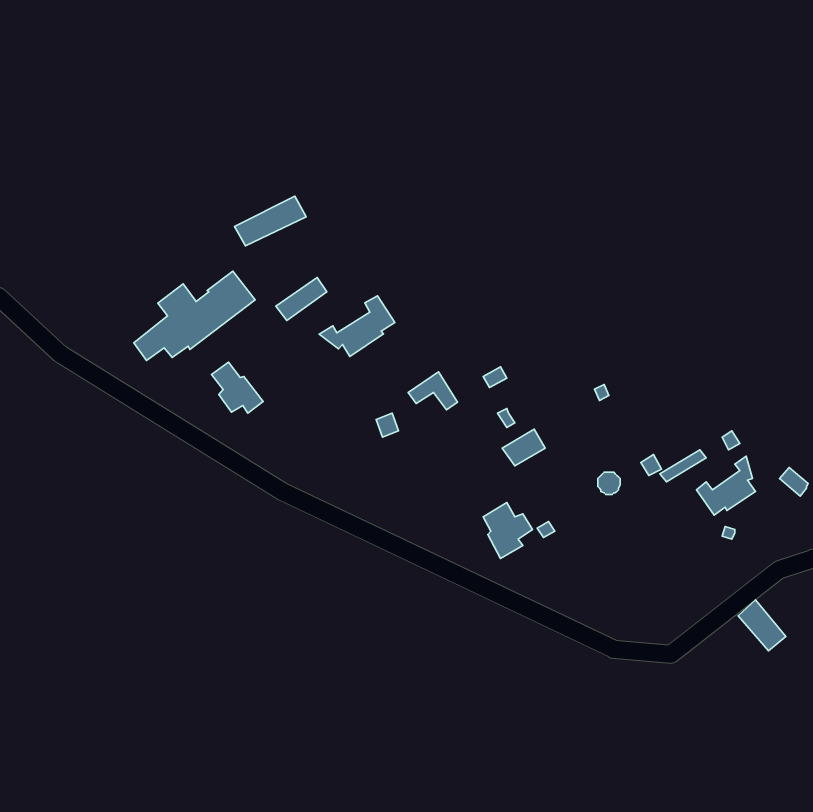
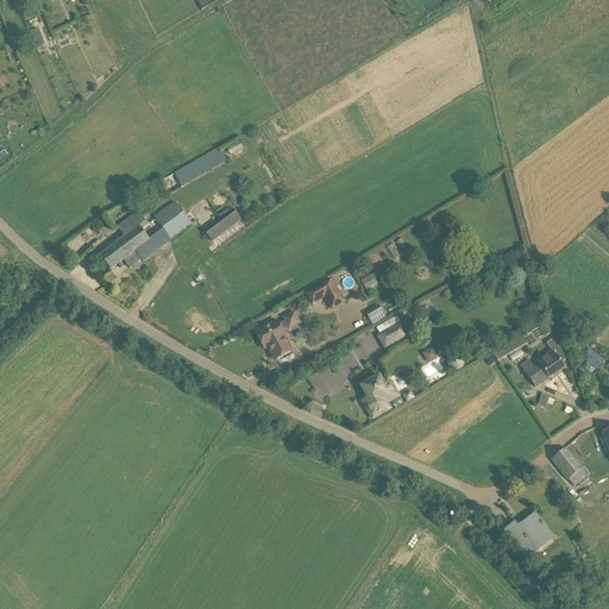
building: [319,296,395,356] -> none
building: [211,362,263,413] -> none
building: none -> [256,320,290,359]
building: none -> [504,513,552,558]

